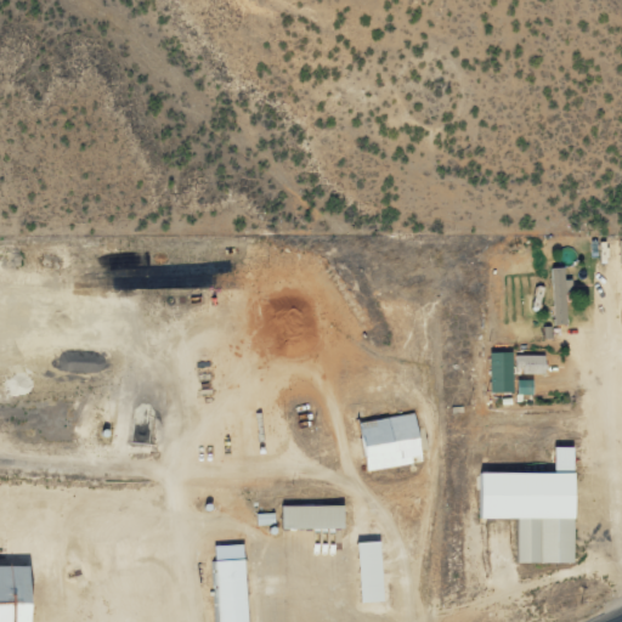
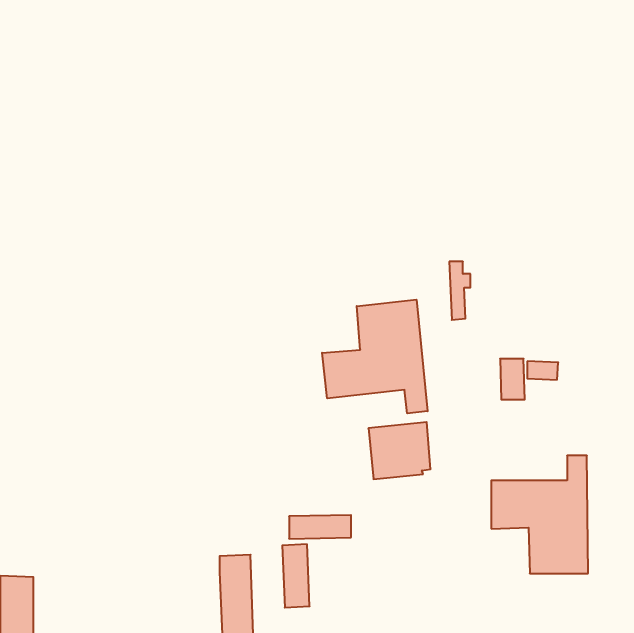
building: [552,267,572,324] -> [449,262,470,320]
building: none -> [322,300,428,413]
building: [358,541,385,603] -> [282,544,310,608]

